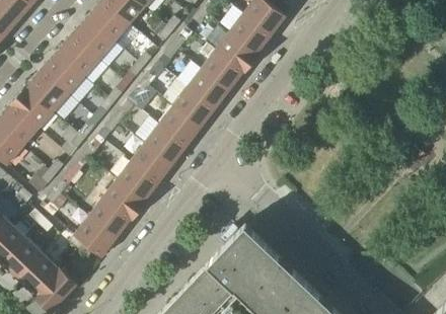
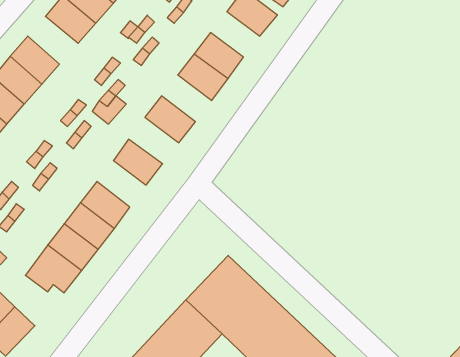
building: [228,15,271,55] -> none
building: [70,19,114,61] -> none
building: [185,70,229,110] -> none
building: [157,106,201,147] -> none
building: [130,144,172,184] -> none

